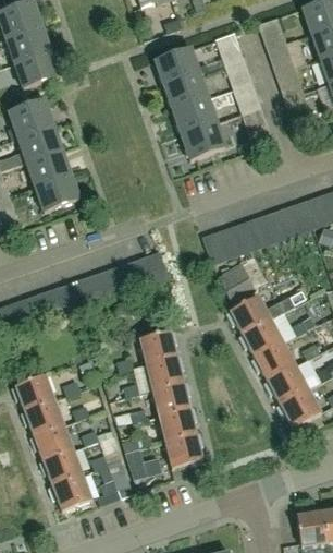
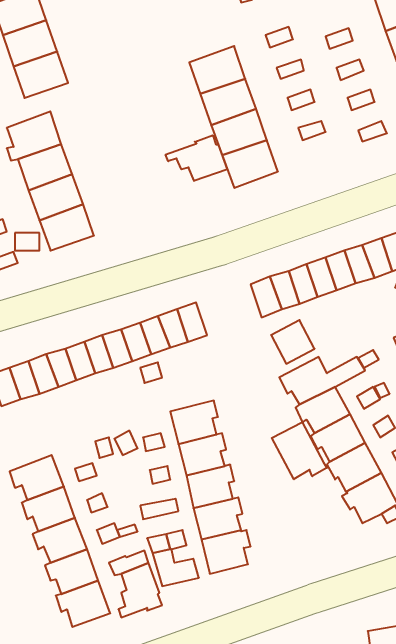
building: none -> [166,135,227,181]
building: none -> [272,422,327,479]

